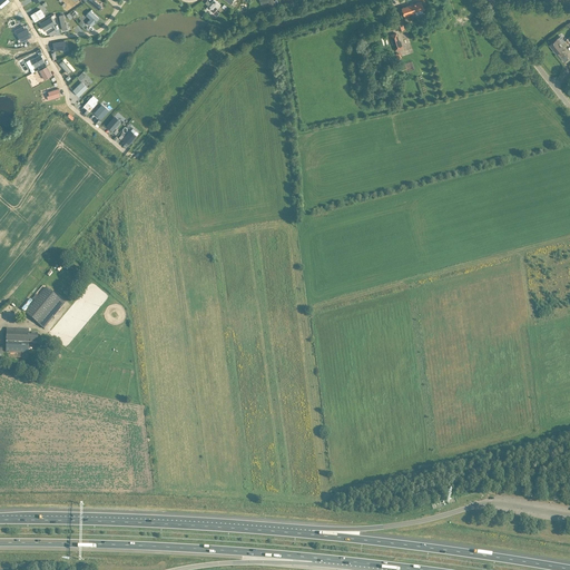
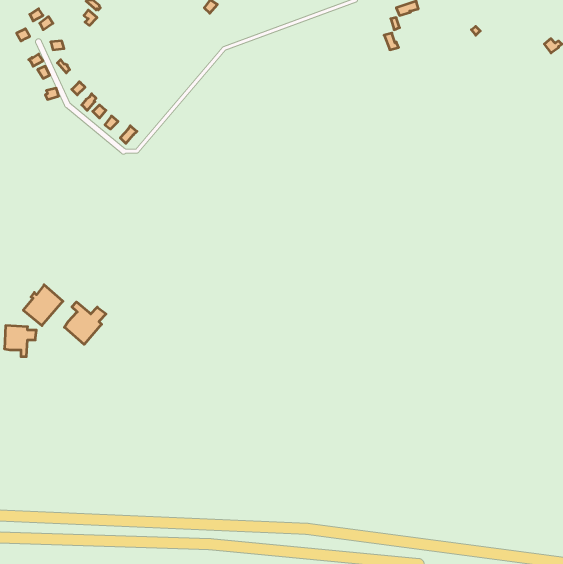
building: none -> [64,302,106,344]

